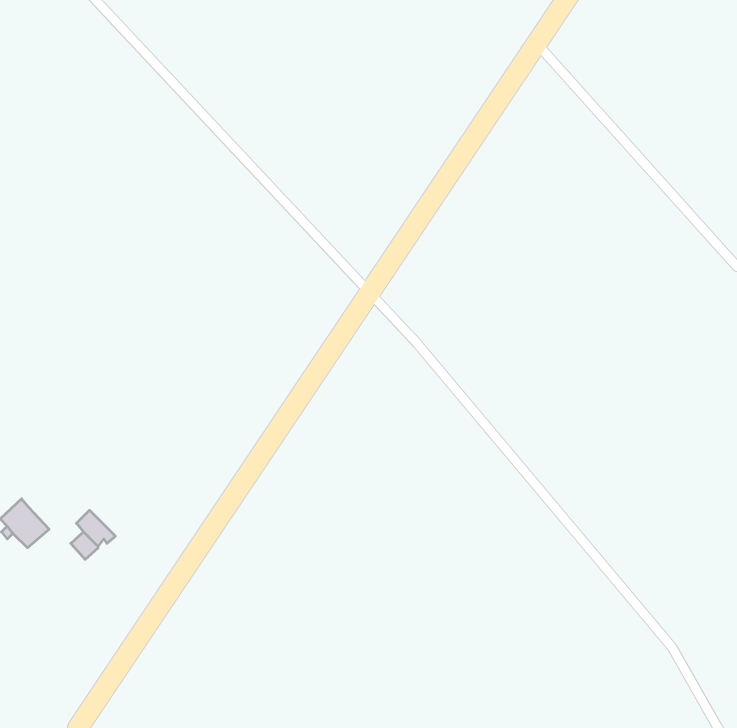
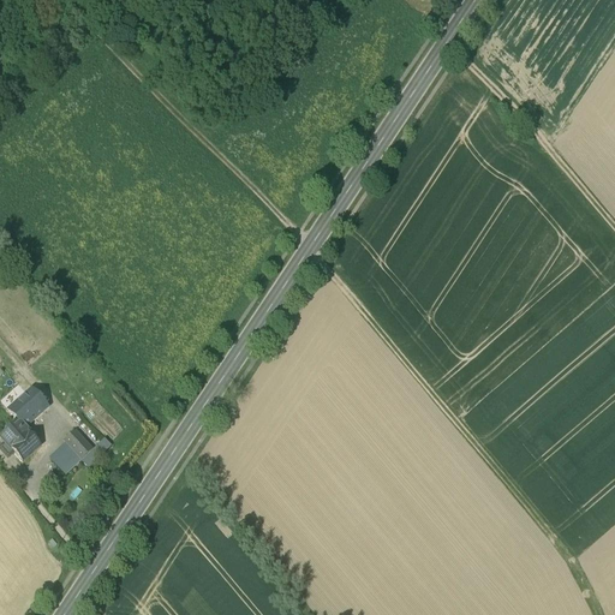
building: none -> [10,390,42,423]

